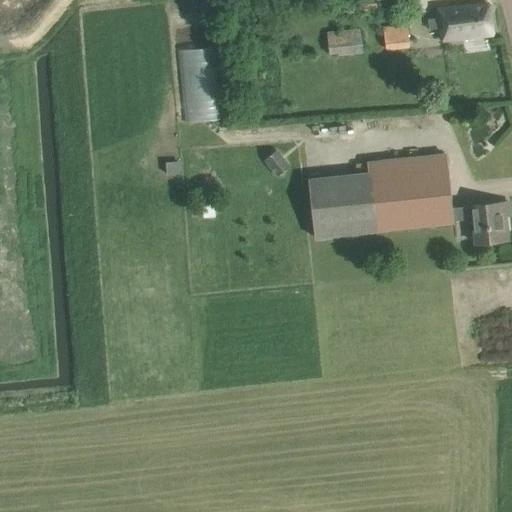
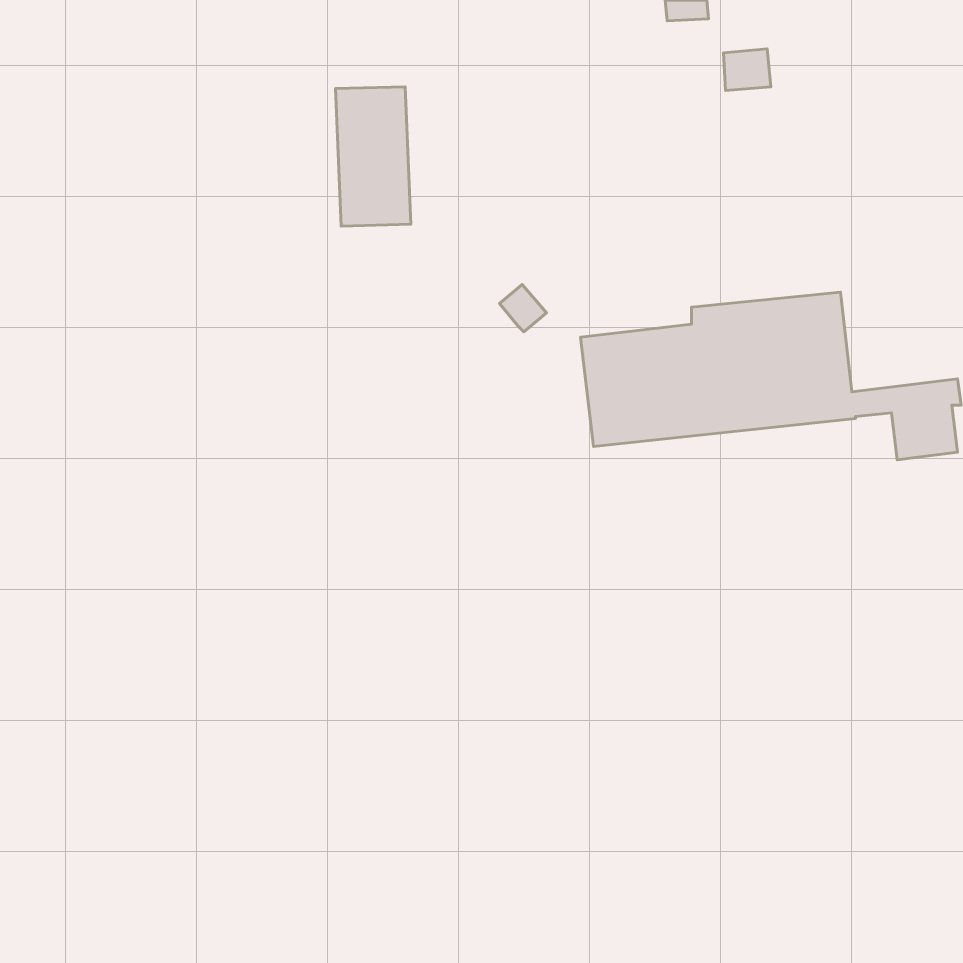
building: [428,4,493,42] -> none
building: [327,30,363,53] -> none

